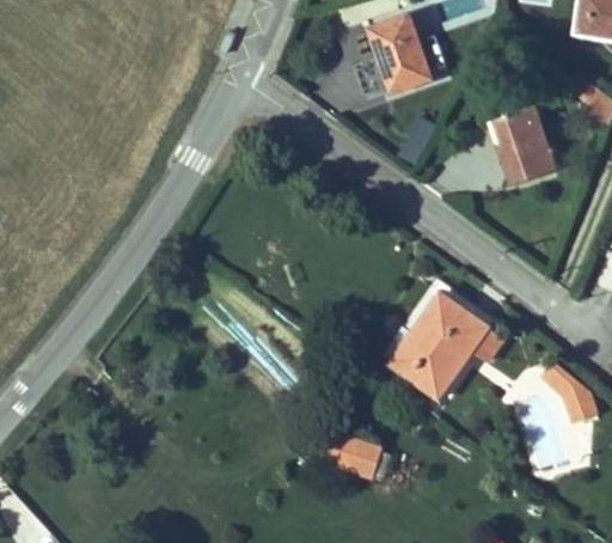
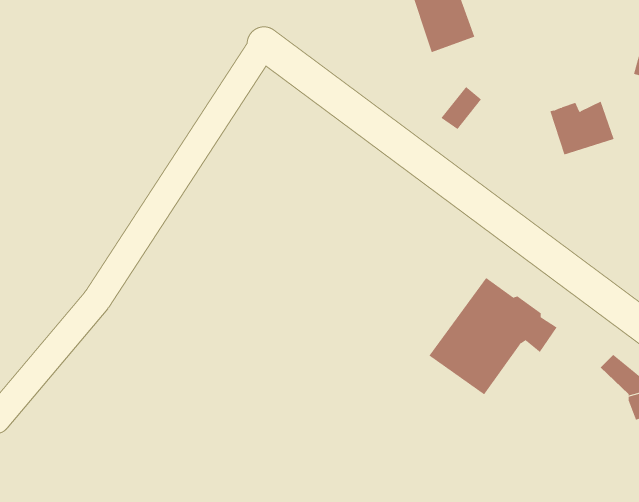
building: [494,105,543,144] -> none
building: [326,434,384,481] -> none

